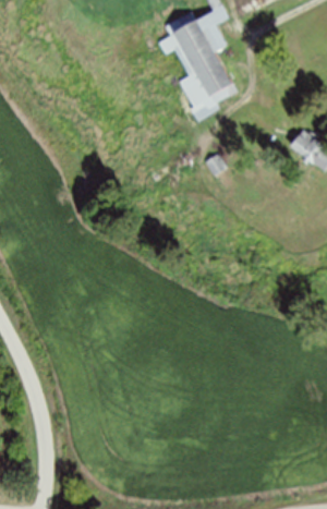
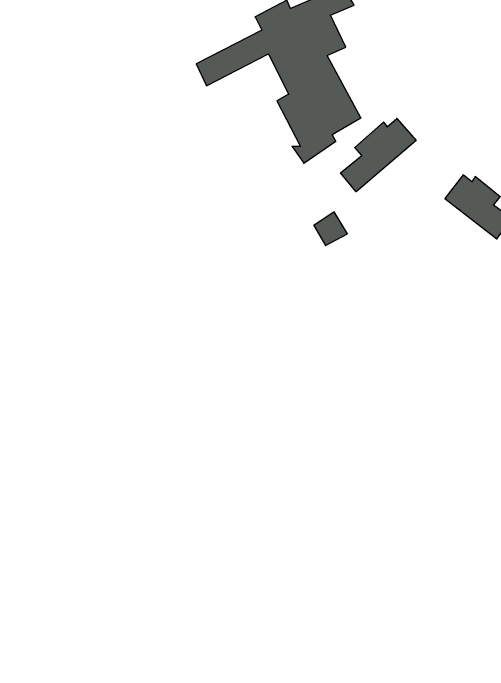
building: none -> [341,118,416,192]

